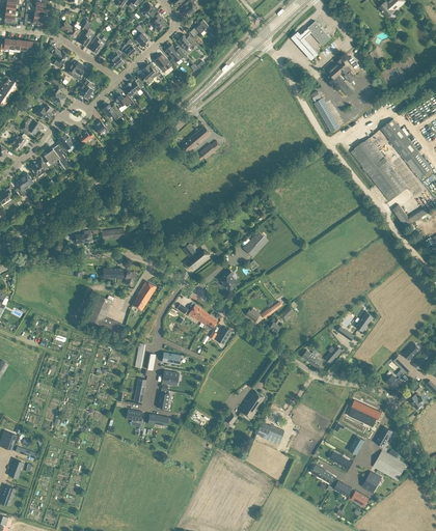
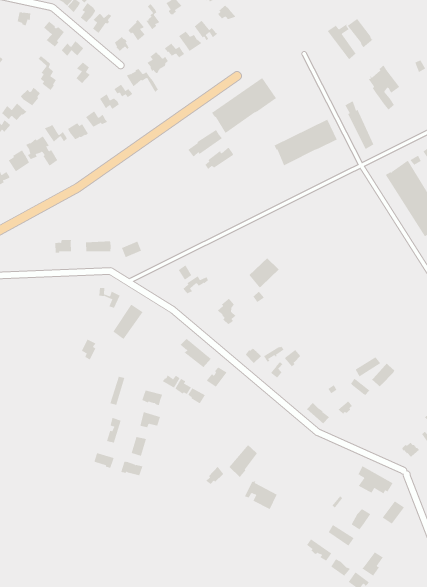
building: none -> [211,77,277,134]
building: none -> [274,119,338,166]
building: [373,450,407,480] -> none

